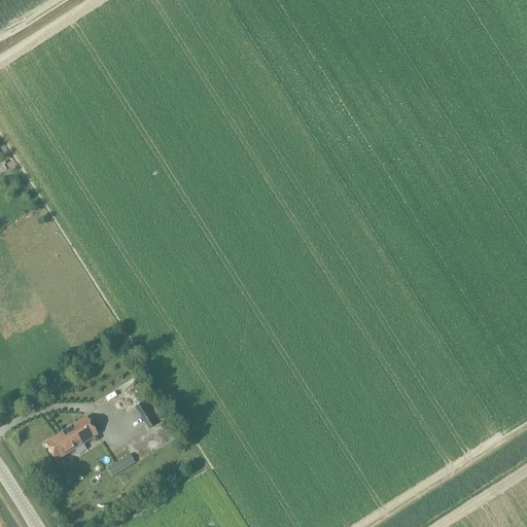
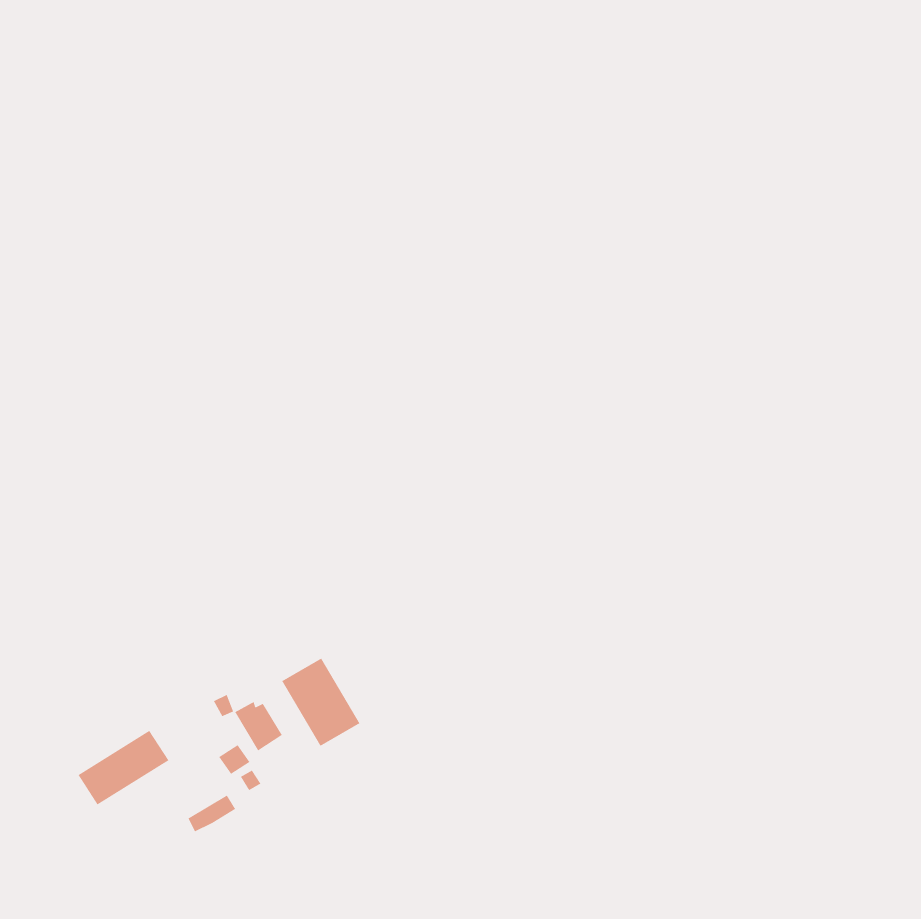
building: none -> [281,657,361,747]

